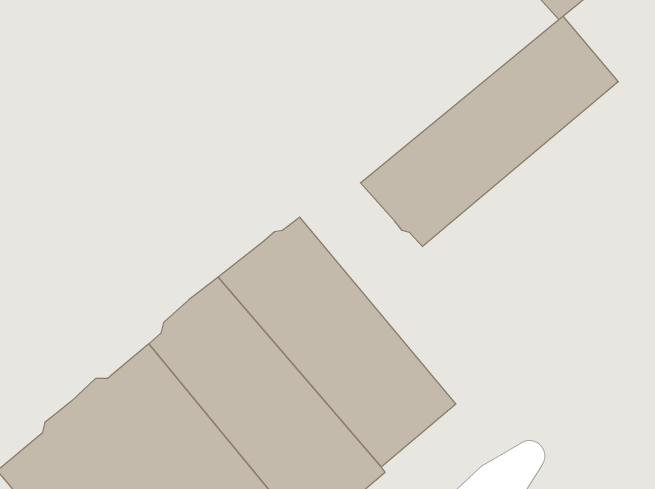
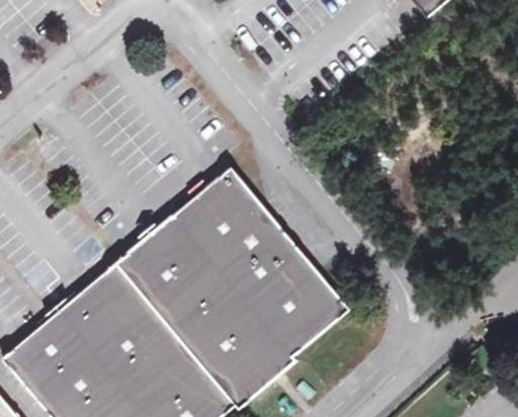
building: [360,16,618,247] -> none

